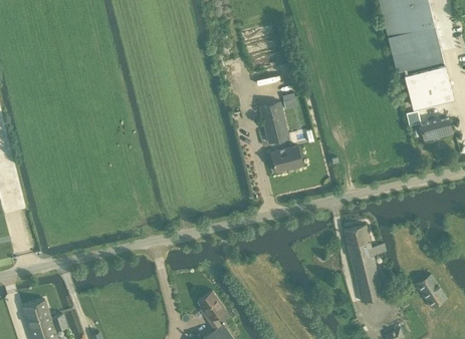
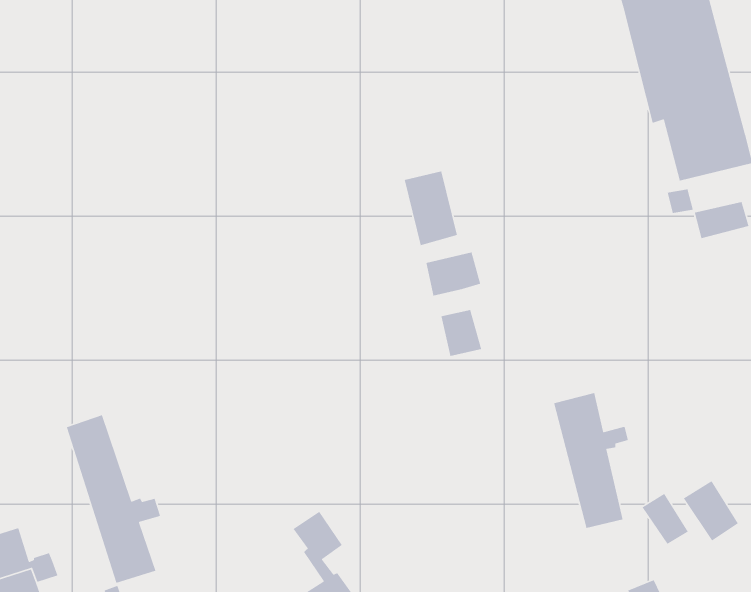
building: none -> [440,309,482,357]
building: none -> [66,414,161,584]
building: none -> [642,493,689,545]

